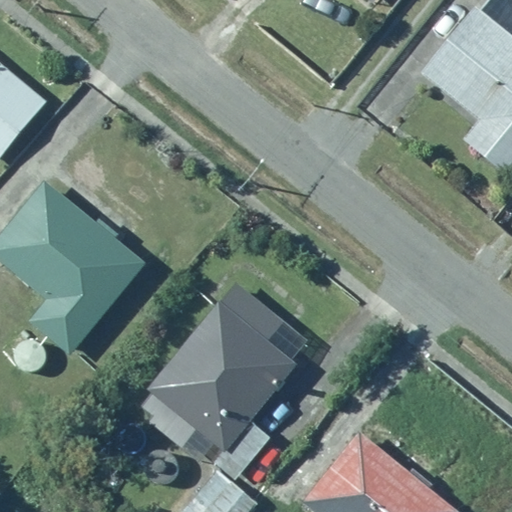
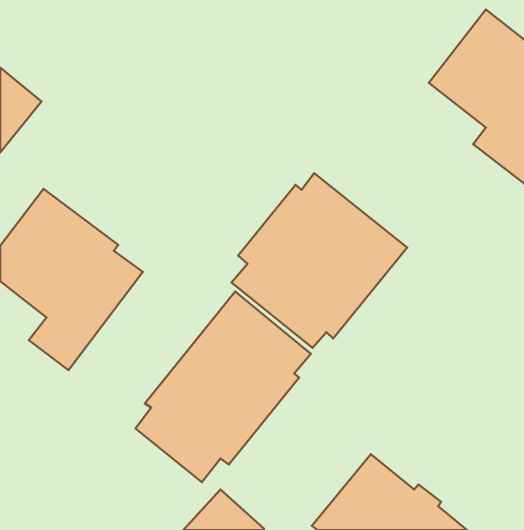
building: none -> [232,173,407,348]

